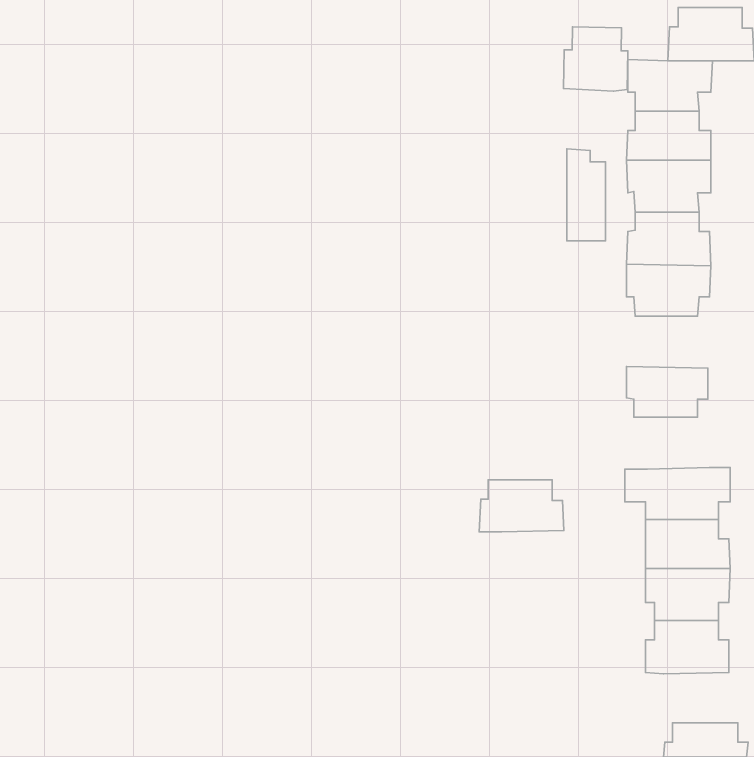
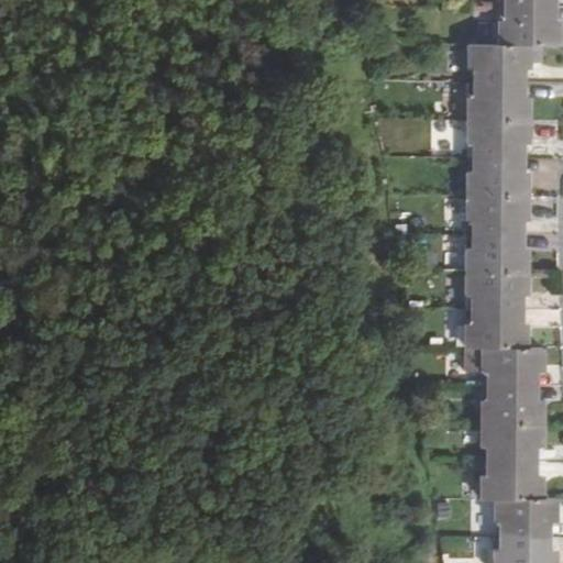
building: [564,27,628,91] -> none
building: [567,149,606,241] -> none
building: none -> [467,234,529,273]
building: [479,480,564,532] -> [466,309,529,347]
building: none -> [495,498,558,536]

